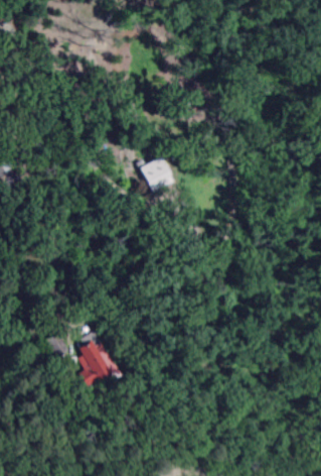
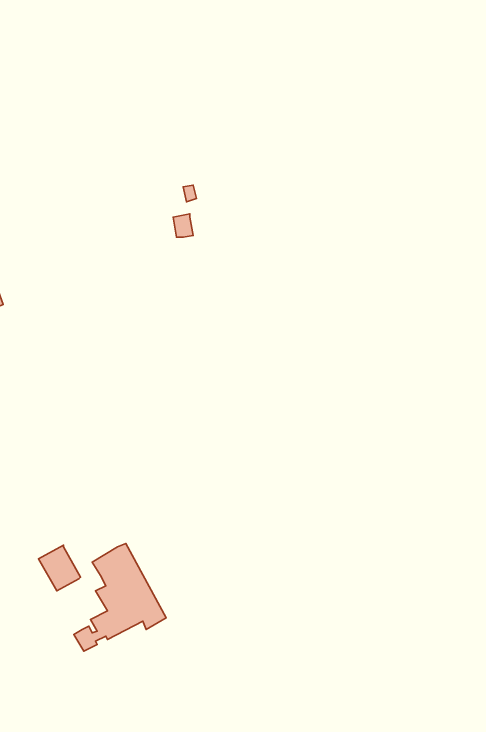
building: [144,157,176,192] -> none

